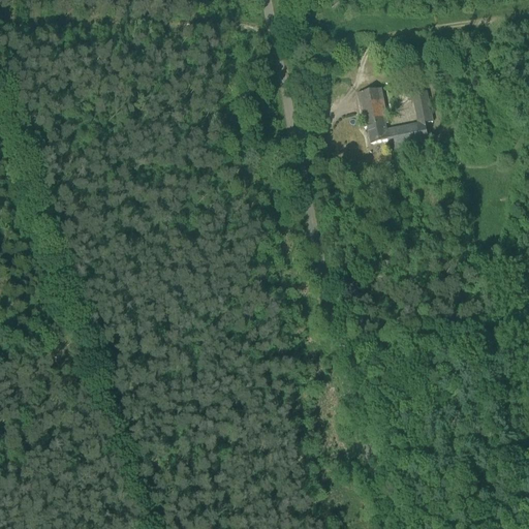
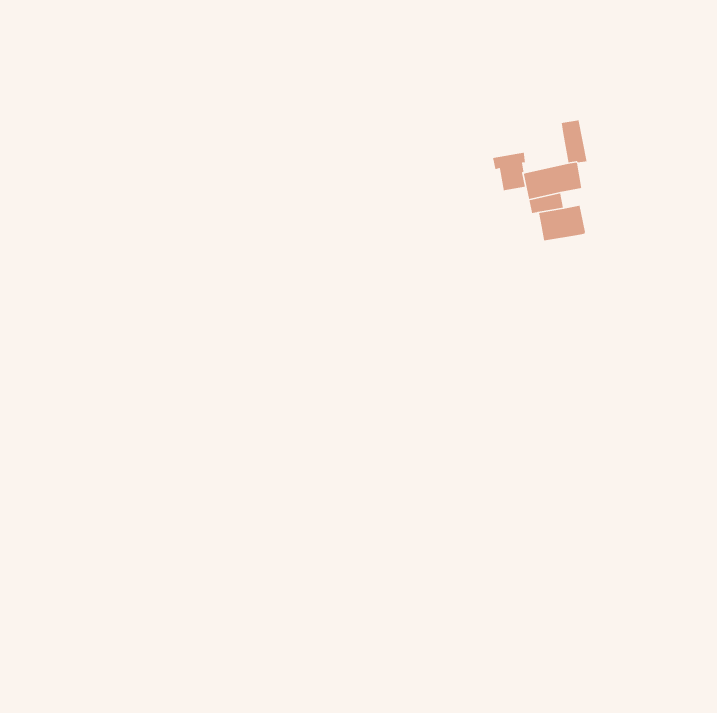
building: [356,86,385,116] -> none
building: none -> [538,205,586,242]

